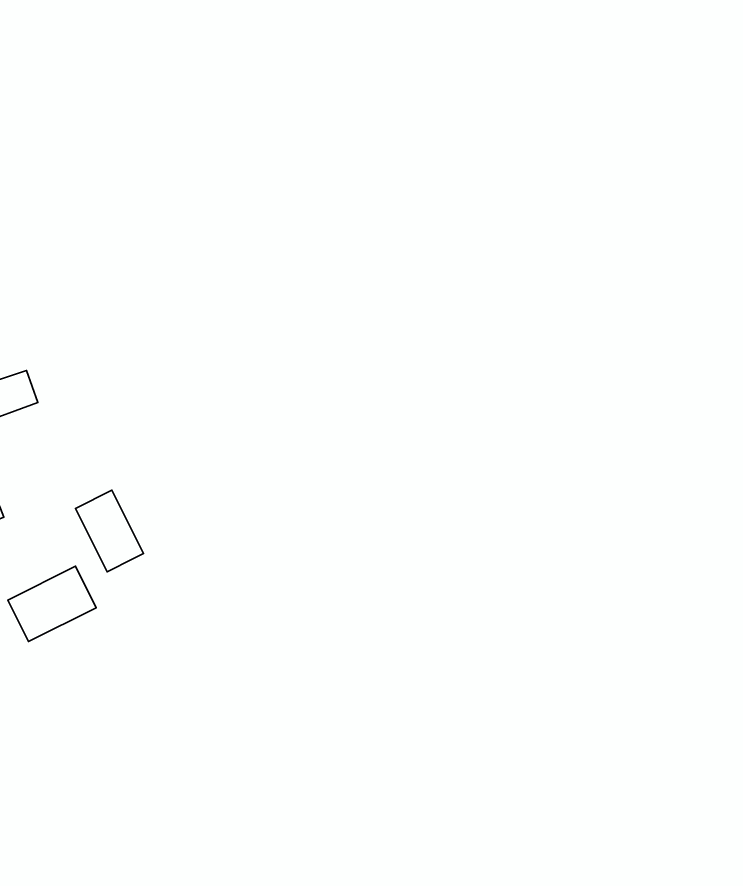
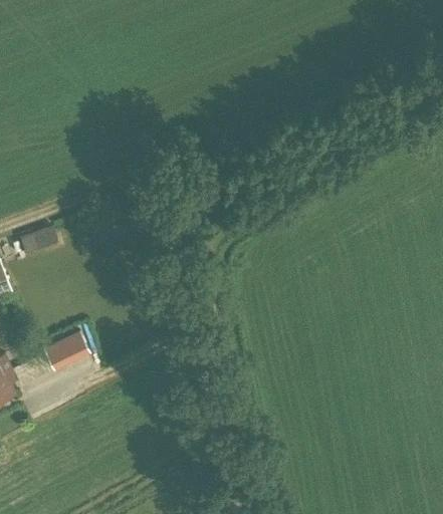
building: [75,490,144,572] -> none

